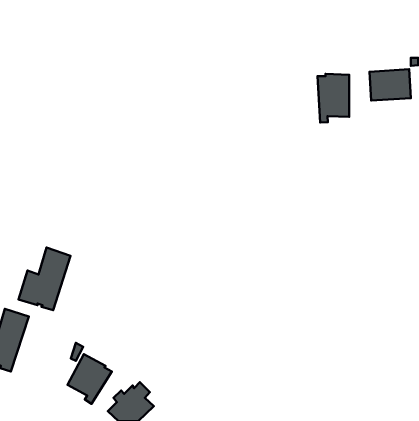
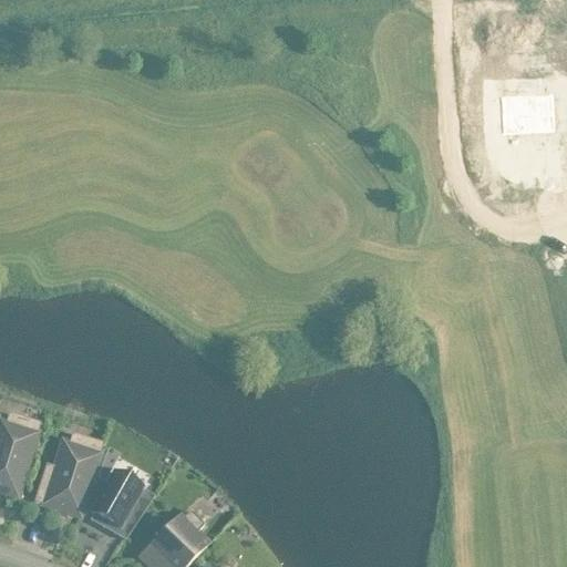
building: [317,74,349,122] -> none
building: [19,247,70,310] -> [32,435,102,519]

